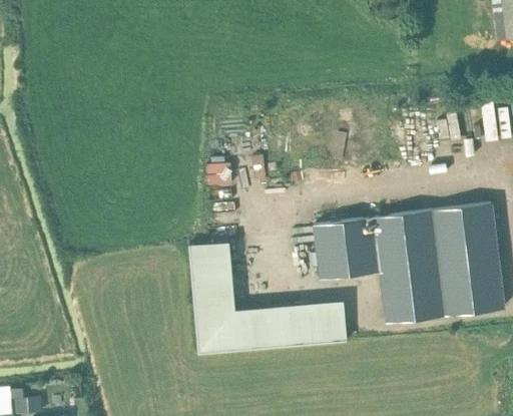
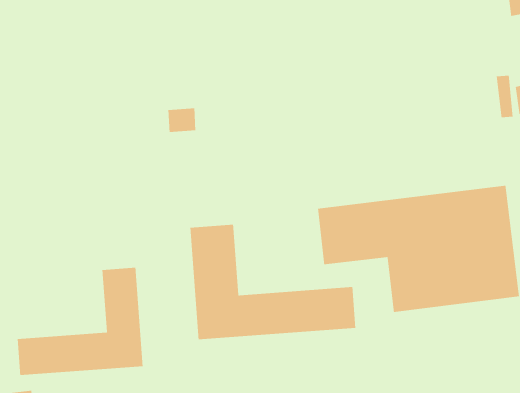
building: [205,161,232,185] -> [168,107,196,133]
building: none -> [17,267,143,376]

